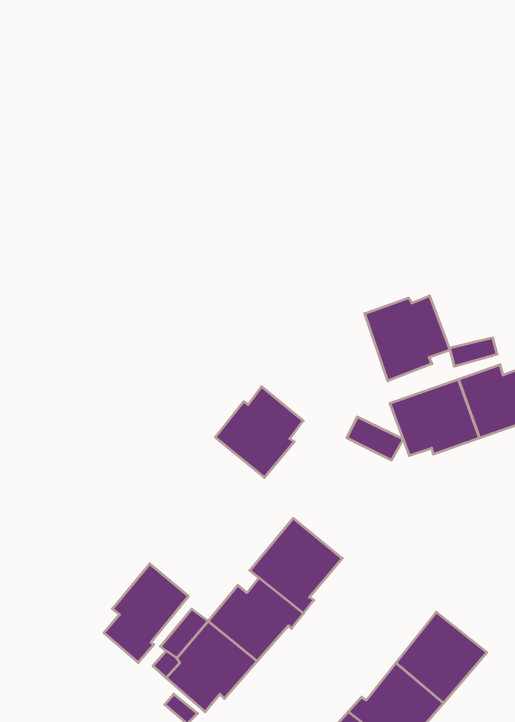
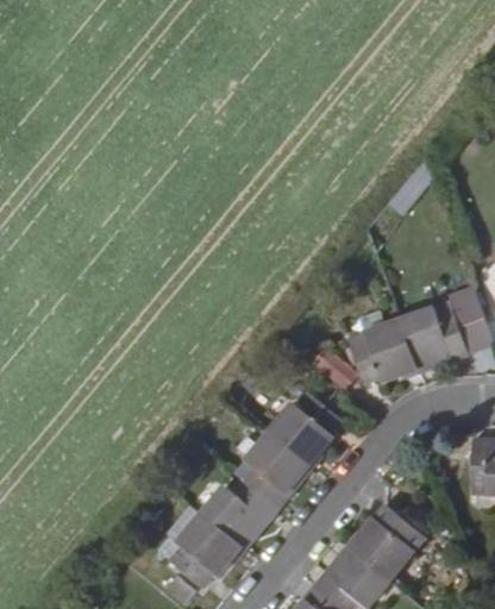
building: [365,296,450,381] -> none
building: [215,387,303,478] -> [270,391,340,464]
building: [104,564,188,663] -> none

